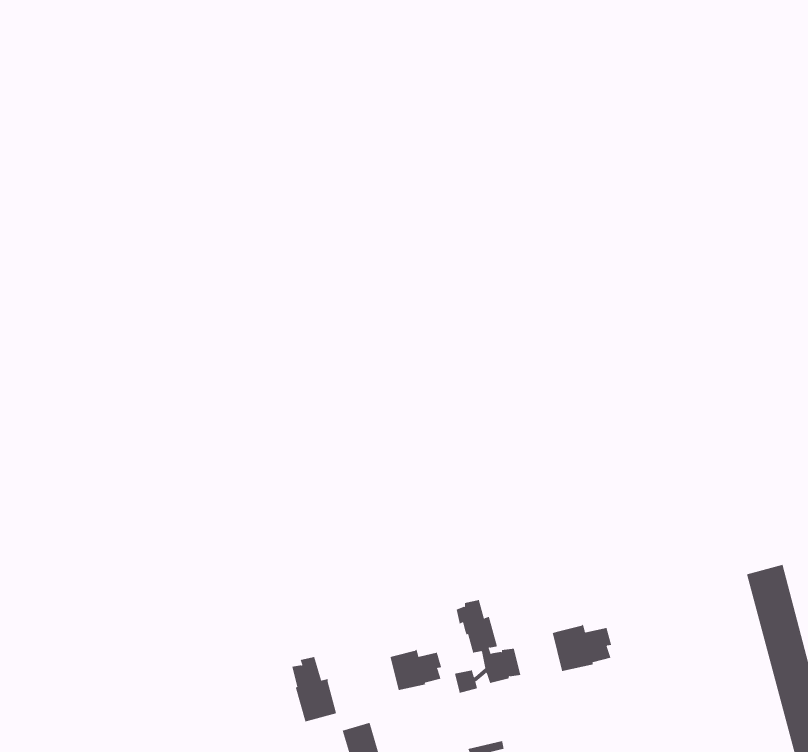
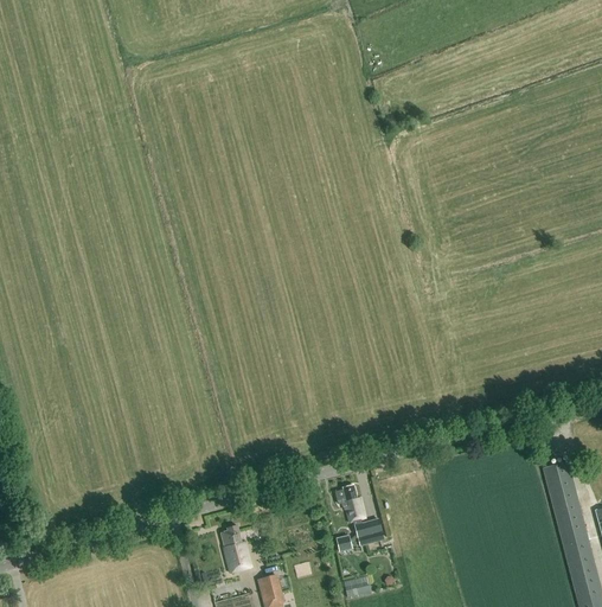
building: [552,624,612,672] -> none
building: [390,649,442,691] -> none

